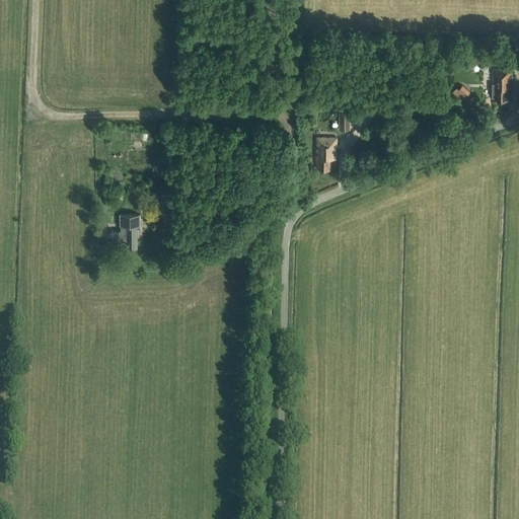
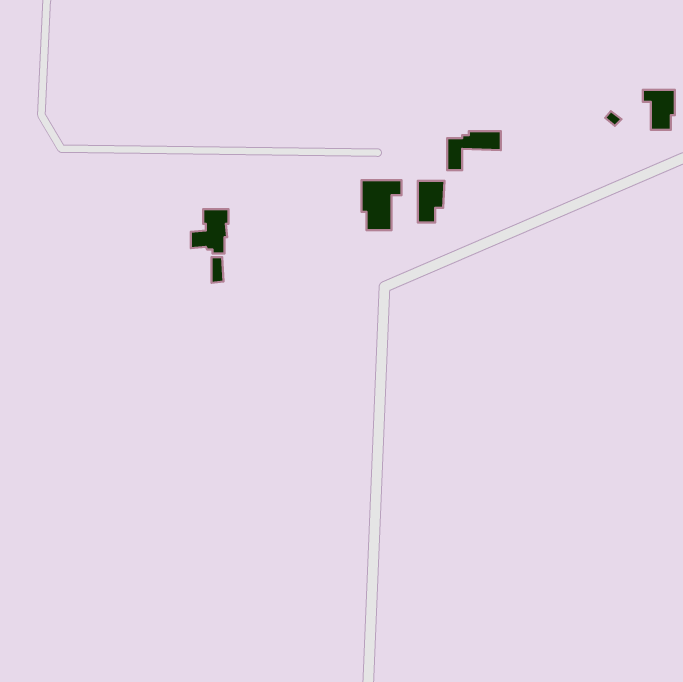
building: none -> [362,180,401,230]
building: [110,216,139,249] -> [191,209,228,253]

